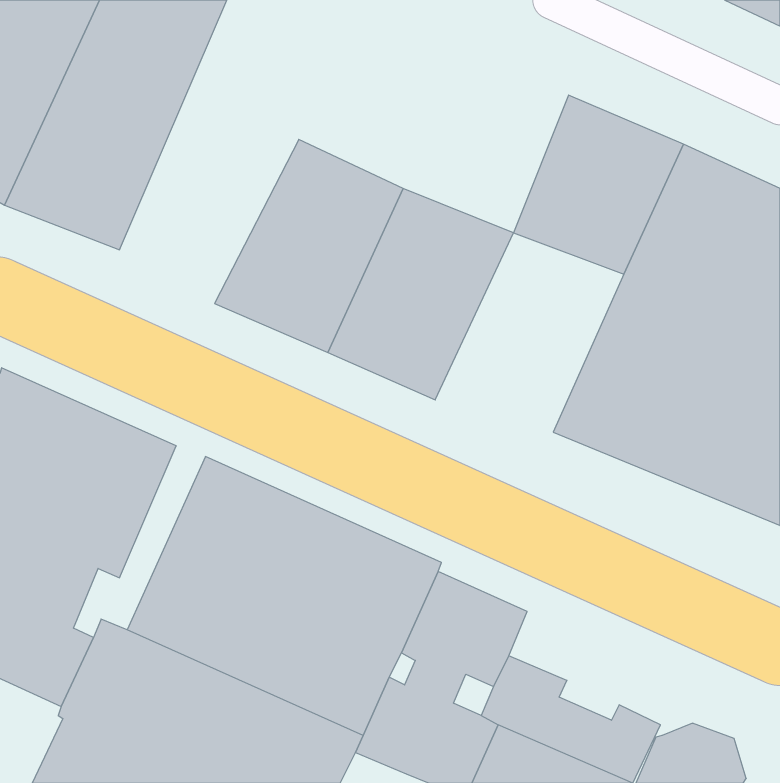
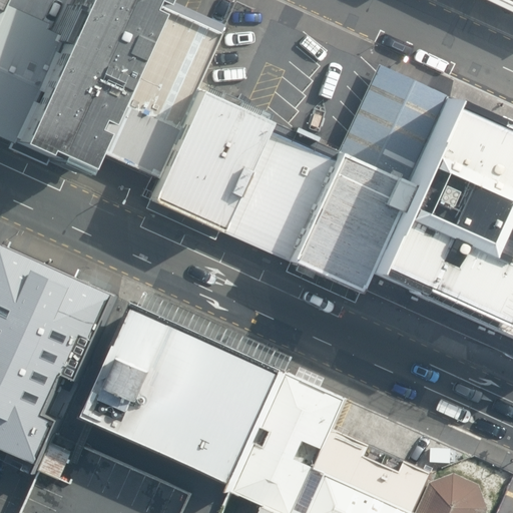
building: none -> [88,8,215,176]
building: none -> [285,152,408,288]

